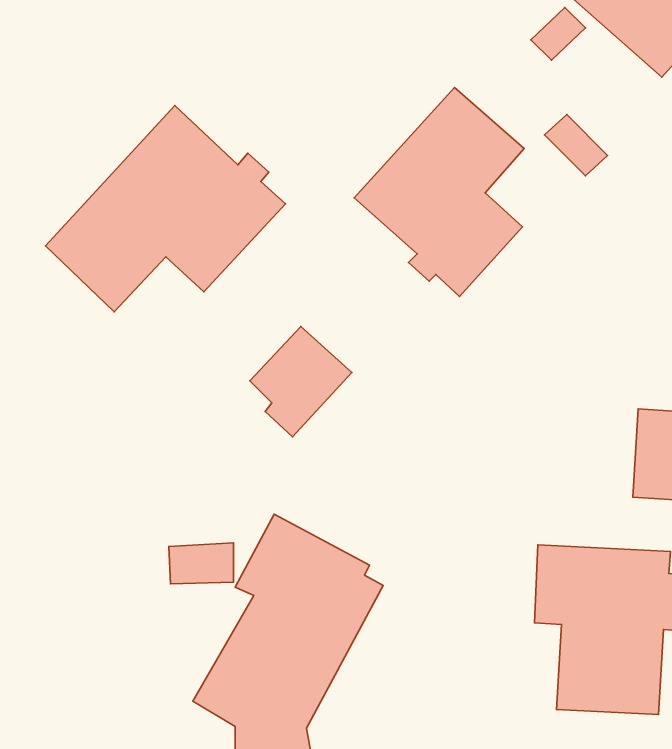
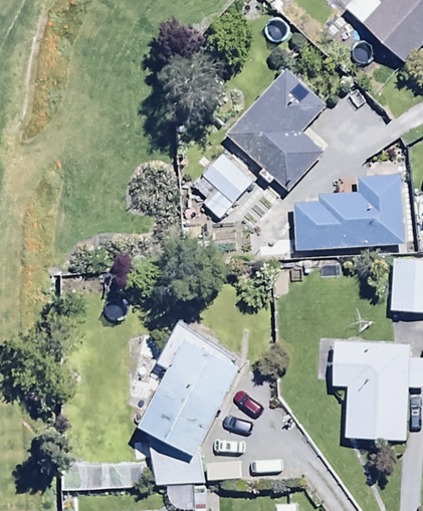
building: [45,105,286,312] -> none
building: none -> [291,173,407,249]
building: [250,326,352,437] -> [192,155,252,220]

